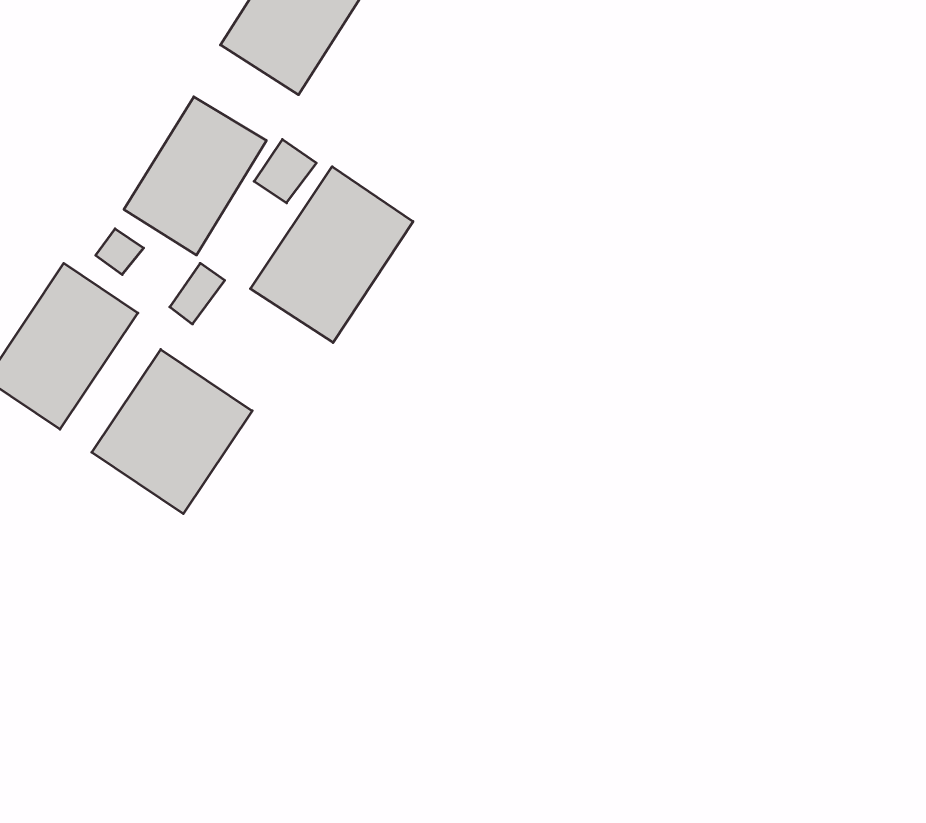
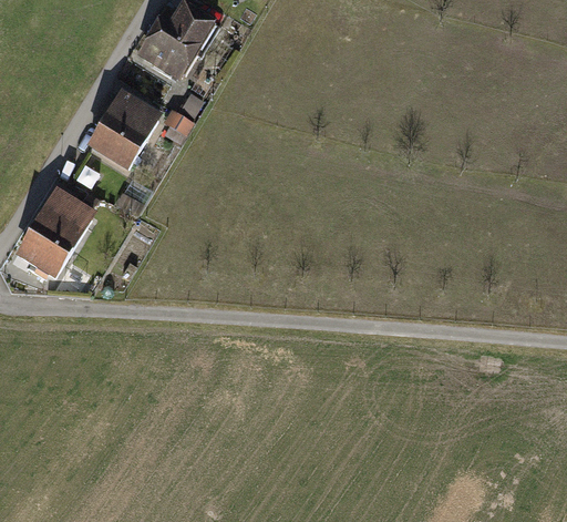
building: [250,167,413,343] -> none
building: [92,349,252,514] -> none

